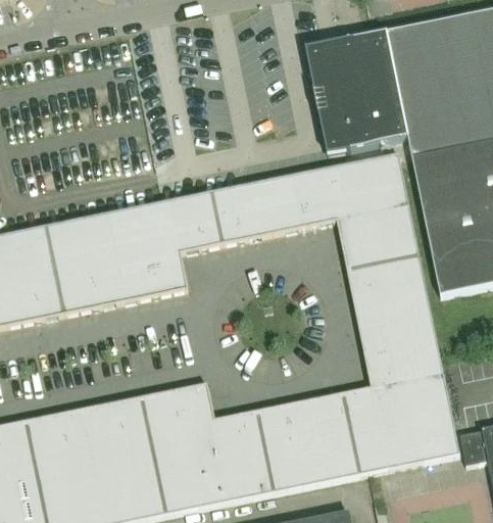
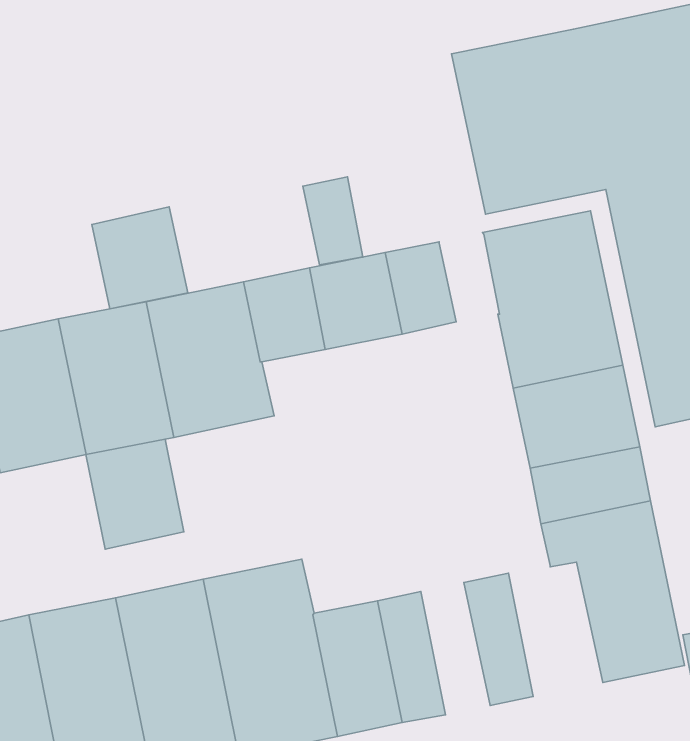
building: none -> [92,207,188,309]
building: [298,167,338,225] -> [303,177,363,265]
building: none -> [86,439,184,549]
building: [344,384,406,473] -> none
building: [286,397,332,485] -> none

